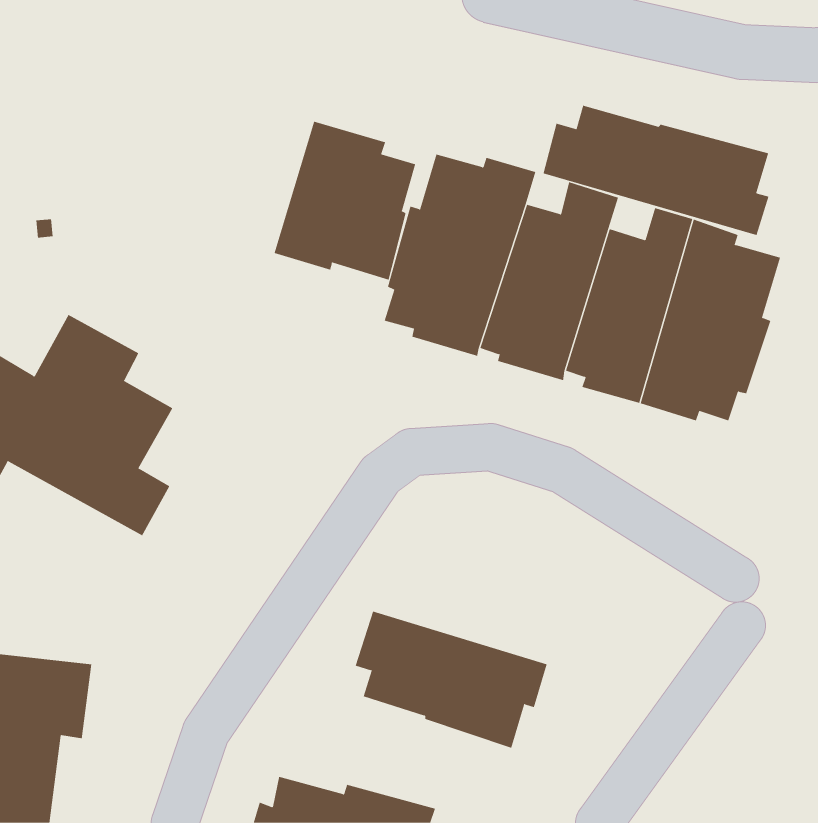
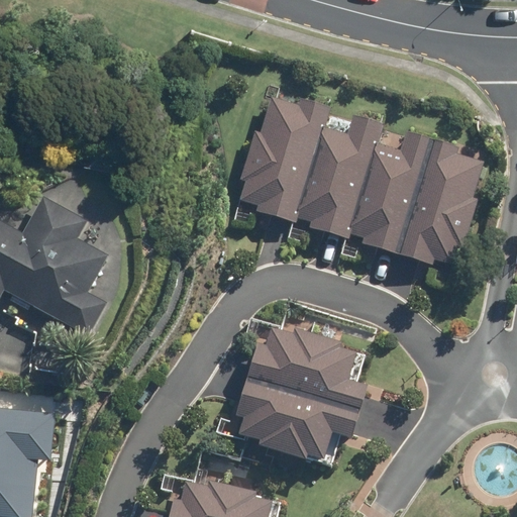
building: [543,105,769,236] -> none
building: [274,121,416,280] -> none
building: none -> [232,330,353,414]

